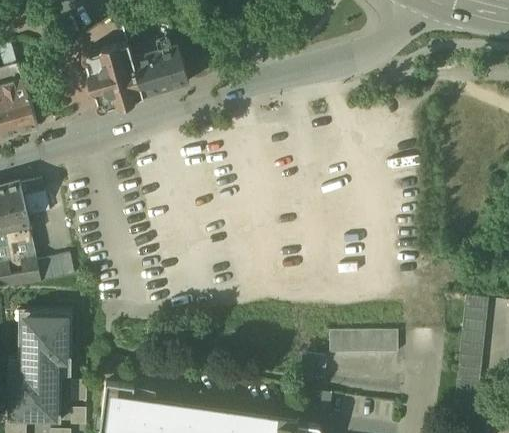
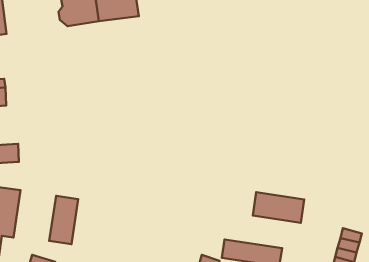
building: none -> [253,192,304,223]
building: none -> [49,196,78,244]

